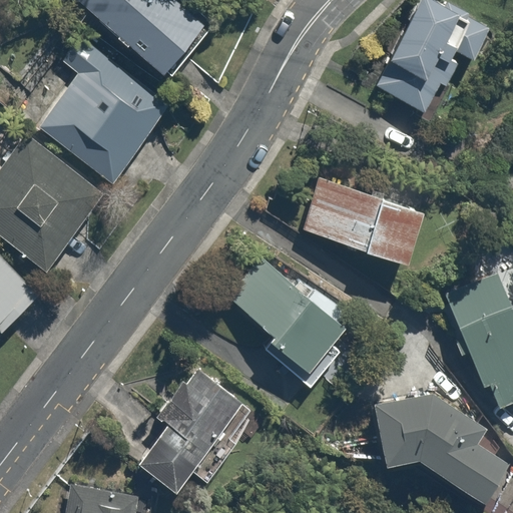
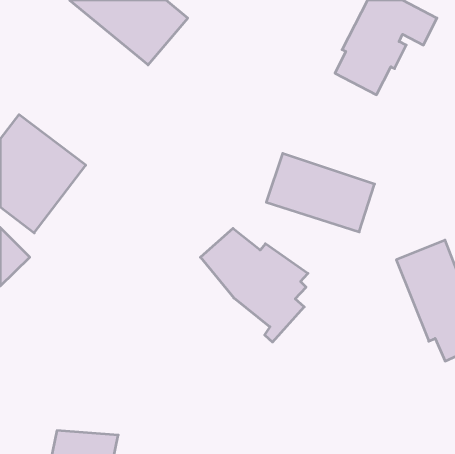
building: [39,48,162,183] -> none
building: [135,367,263,493] -> none
building: [374,393,507,499] -> none

